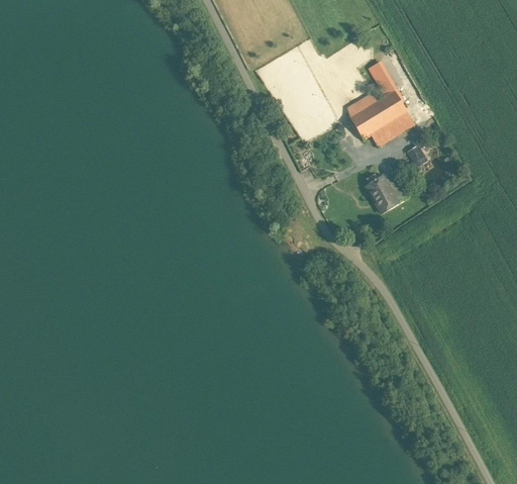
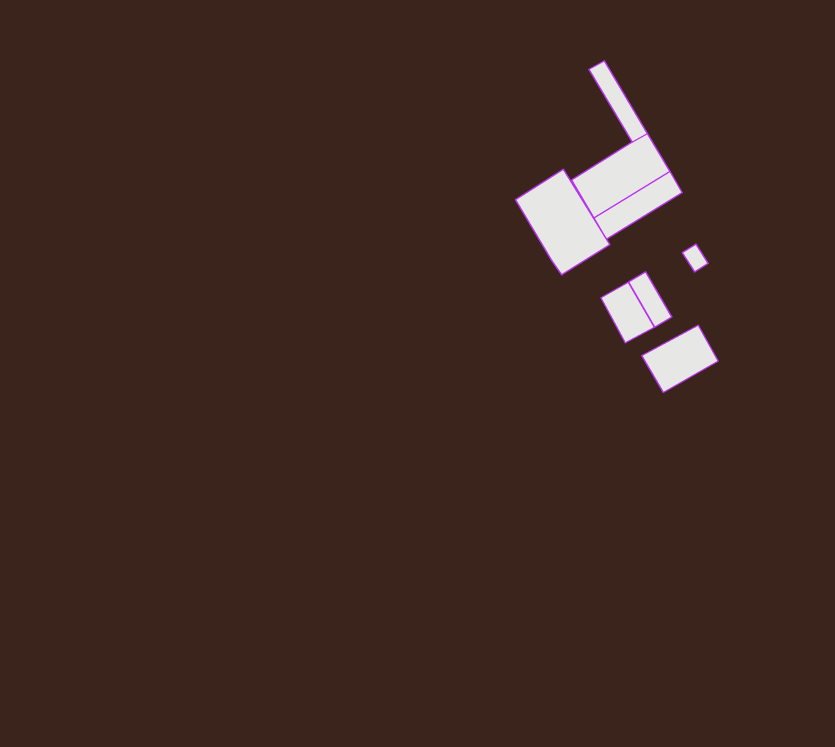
building: none -> [516,169,610,275]
building: none -> [642,325,718,392]

